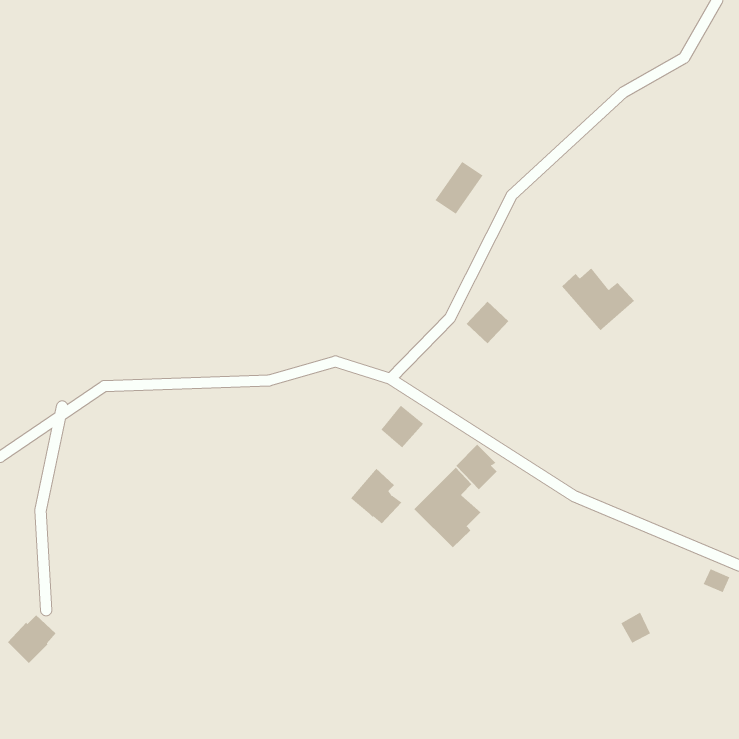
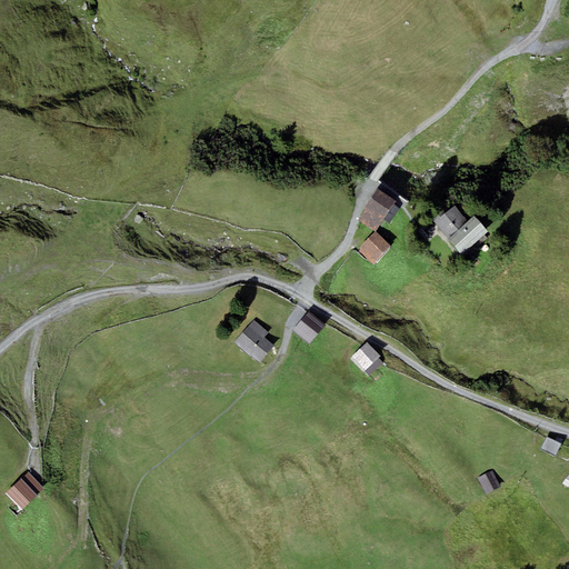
building: [434,161,484,215] -> [358,189,396,230]
building: [414,467,481,548] -> none
building: [350,468,402,524] -> [234,319,274,362]

